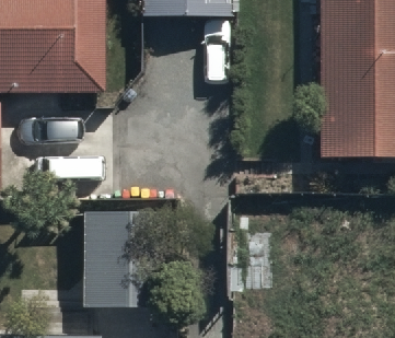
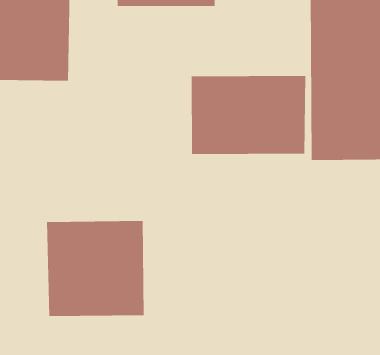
building: none -> [191,75,306,155]

